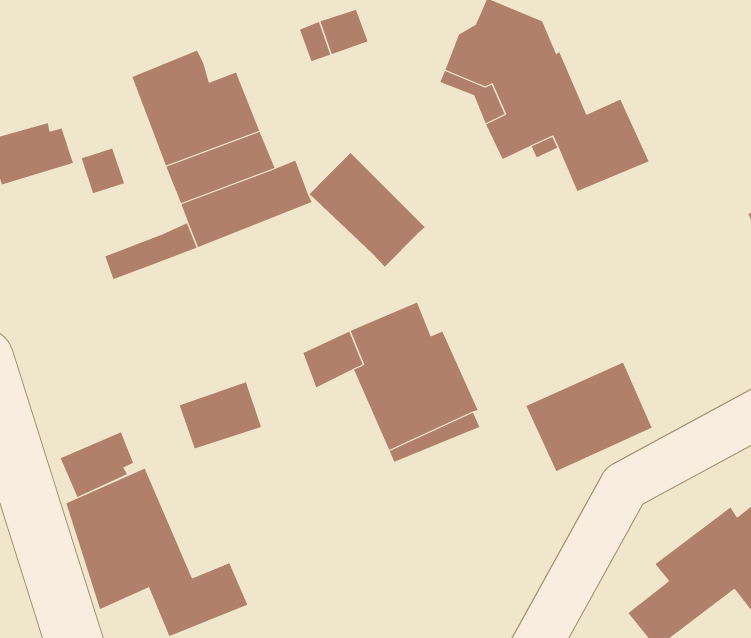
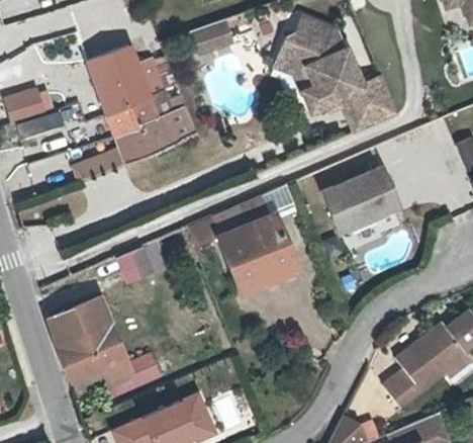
building: [309,152,425,268] -> none
building: [525,362,652,472] -> [325,167,401,233]
building: [60,431,134,498] -> none

